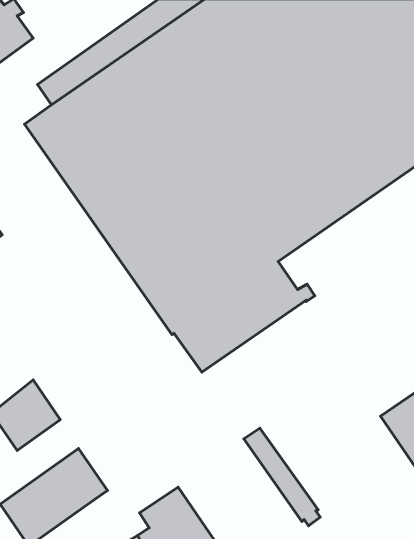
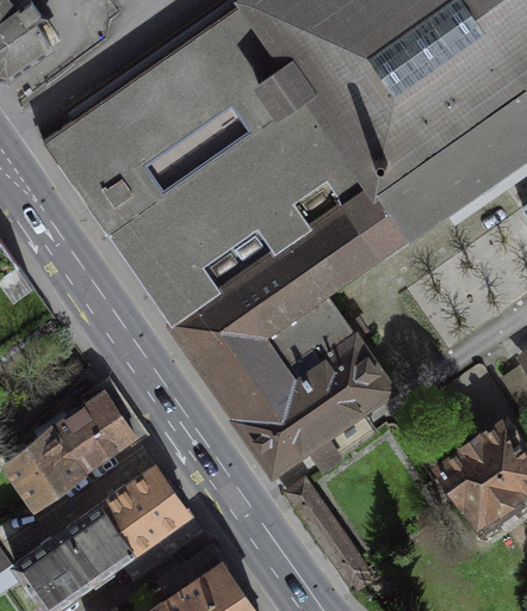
building: none -> [237,338,390,471]
building: none -> [52,390,136,473]
building: none -> [103,465,203,579]

